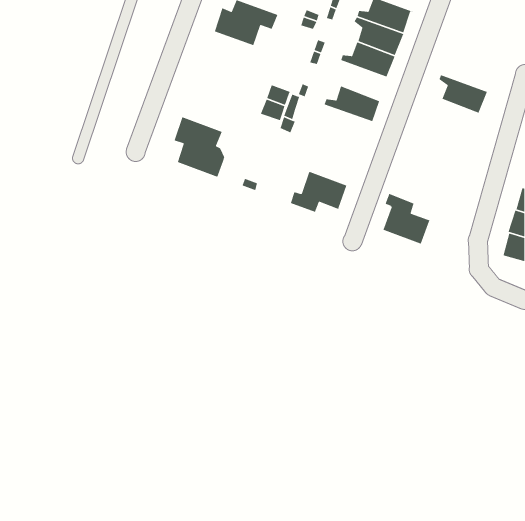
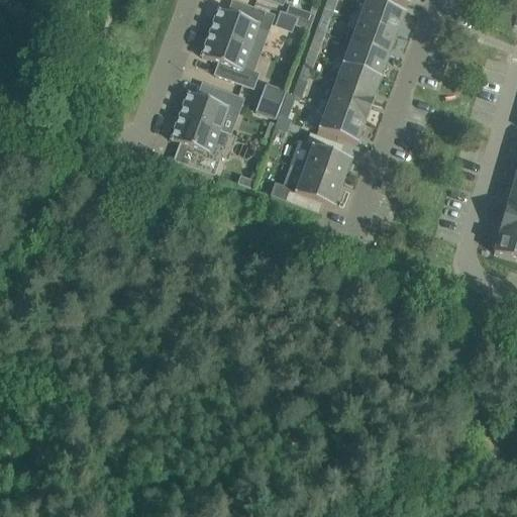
building: none -> [201,31,258,88]
building: [439,74,489,114] -> [332,60,382,99]
building: none -> [179,82,243,129]
building: none -> [316,103,367,142]
building: [382,193,432,245] -> [303,131,352,183]

